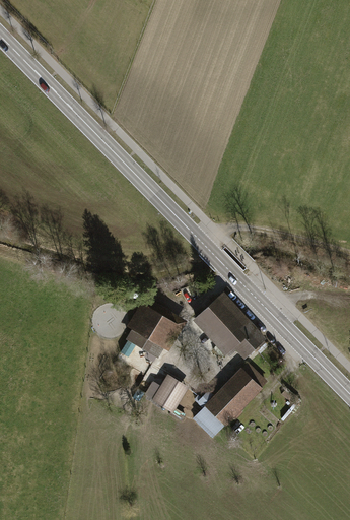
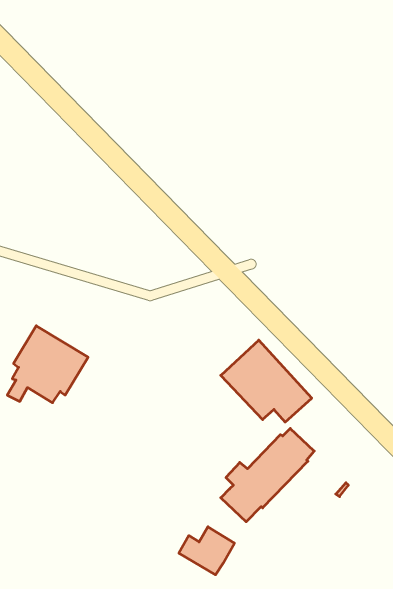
building: [121,297,186,359] -> [7,326,88,403]
building: [143,375,188,413] -> [179,527,234,575]

